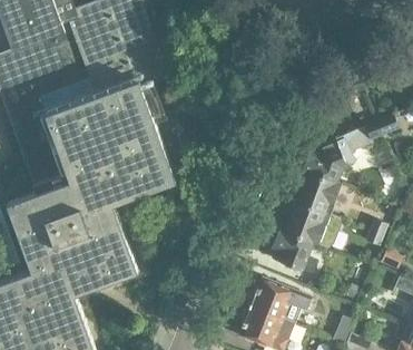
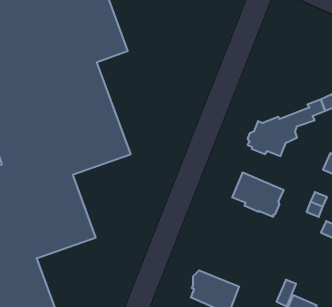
building: [295,177,341,217] -> none
building: [268,230,315,275] -> none
building: [248,281,311,327] -> none

